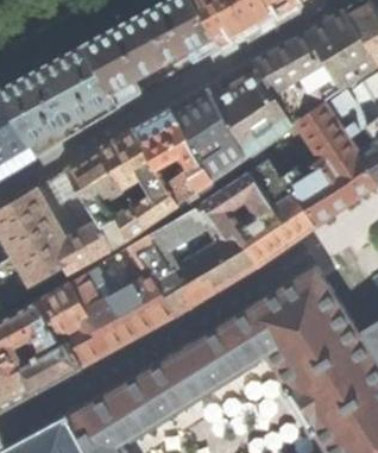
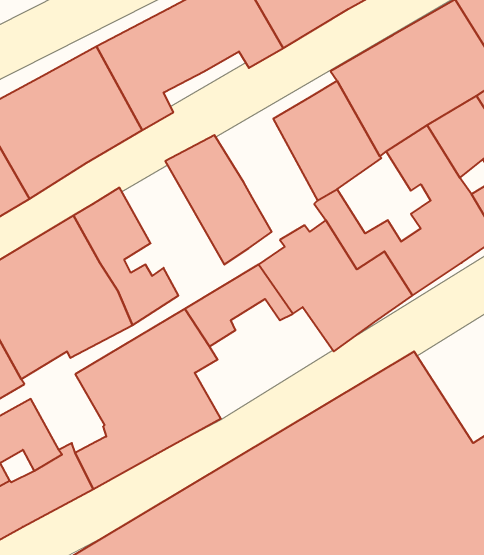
building: [171,90,246,181] -> none
building: [102,130,178,227] -> none
building: [157,235,258,316] -> none
building: [38,284,93,339] -> none

